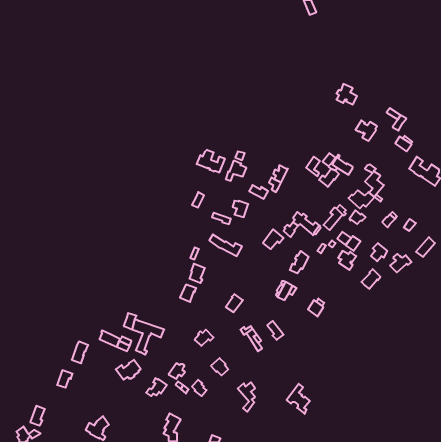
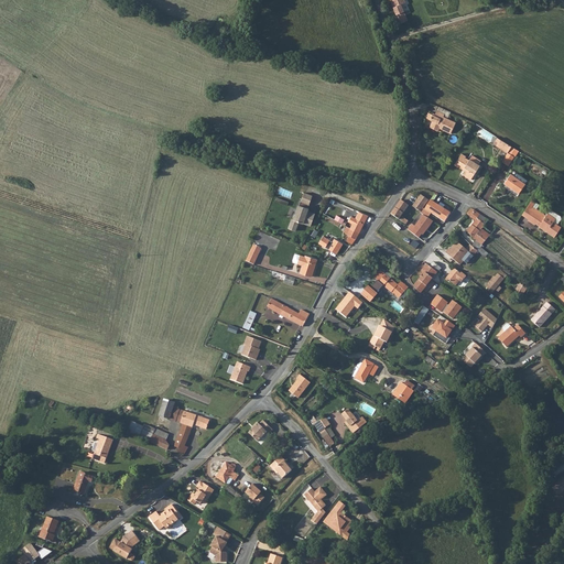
building: [197,150,225,173] -> none
building: [116,360,141,380] -> [148,505,180,530]
building: [287,384,310,414] -> [323,501,352,540]

